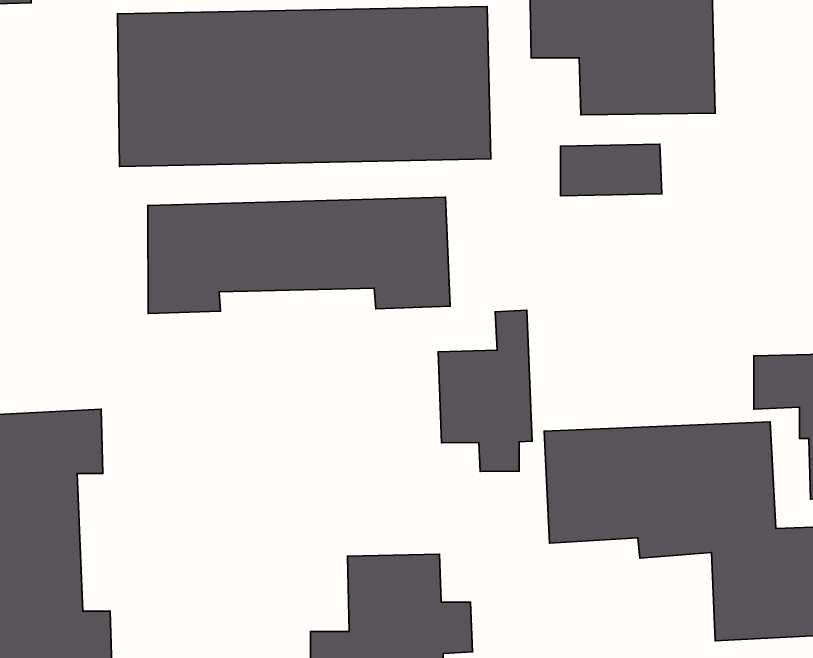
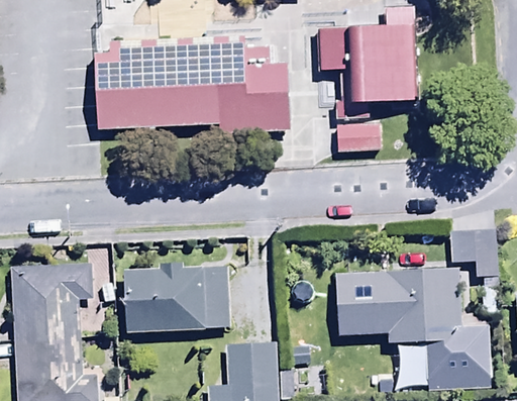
building: [148,197,450,314] -> none
building: [438,310,532,472] -> none
building: none -> [120,259,227,331]

